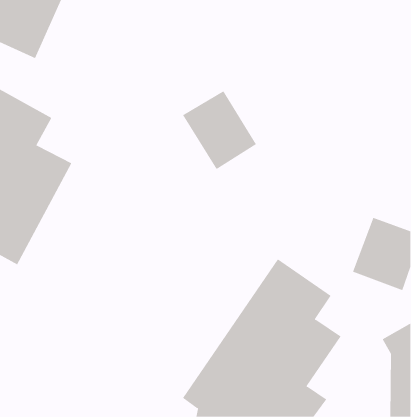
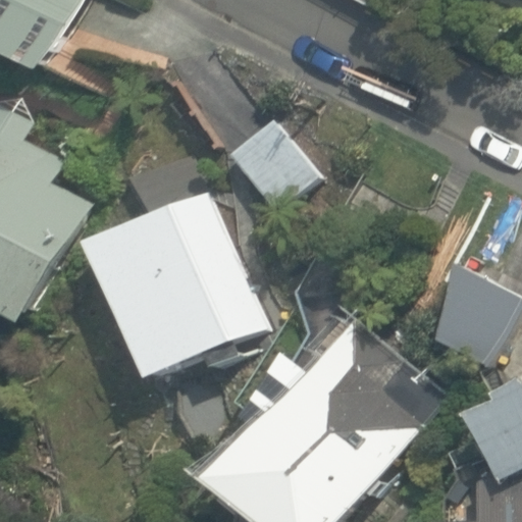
building: none -> [87,192,264,379]

